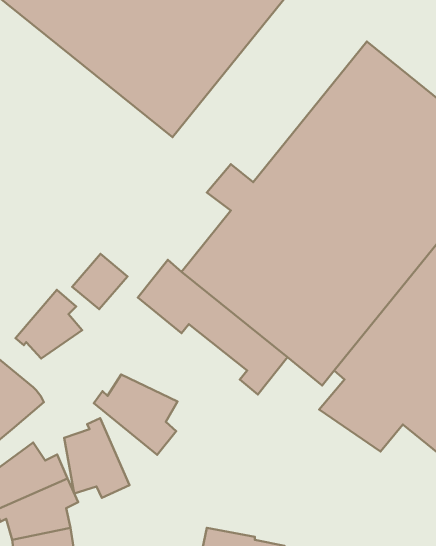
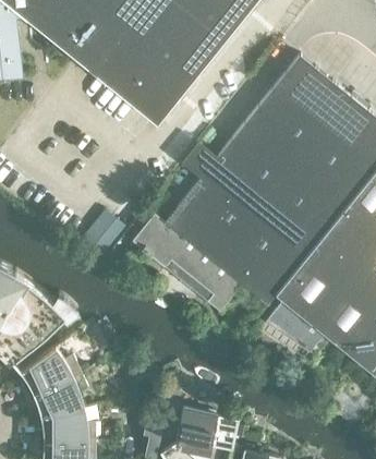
building: [15,290,82,358] -> none
building: [94,375,177,455] -> none
building: [64,418,130,498] -> none

